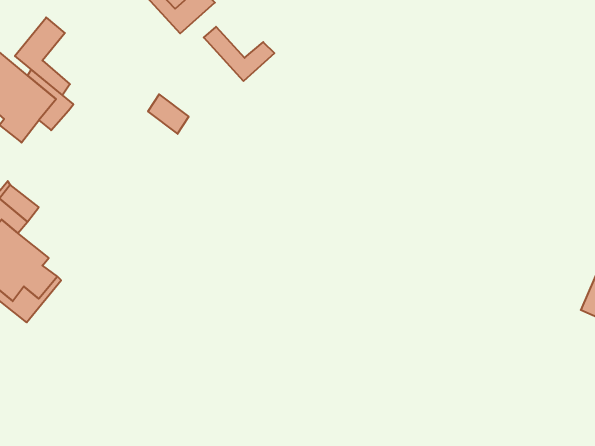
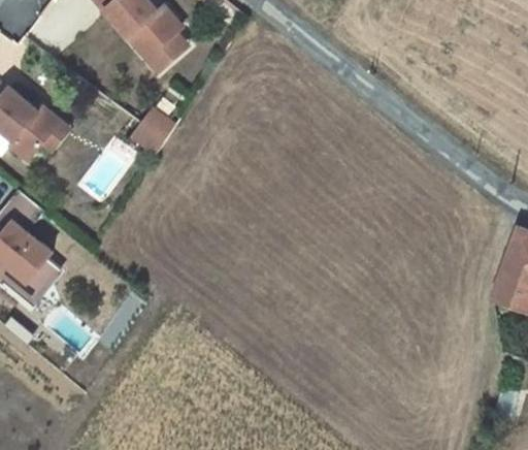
building: [15,17,70,95] -> none
building: [204,27,274,81] -> none

